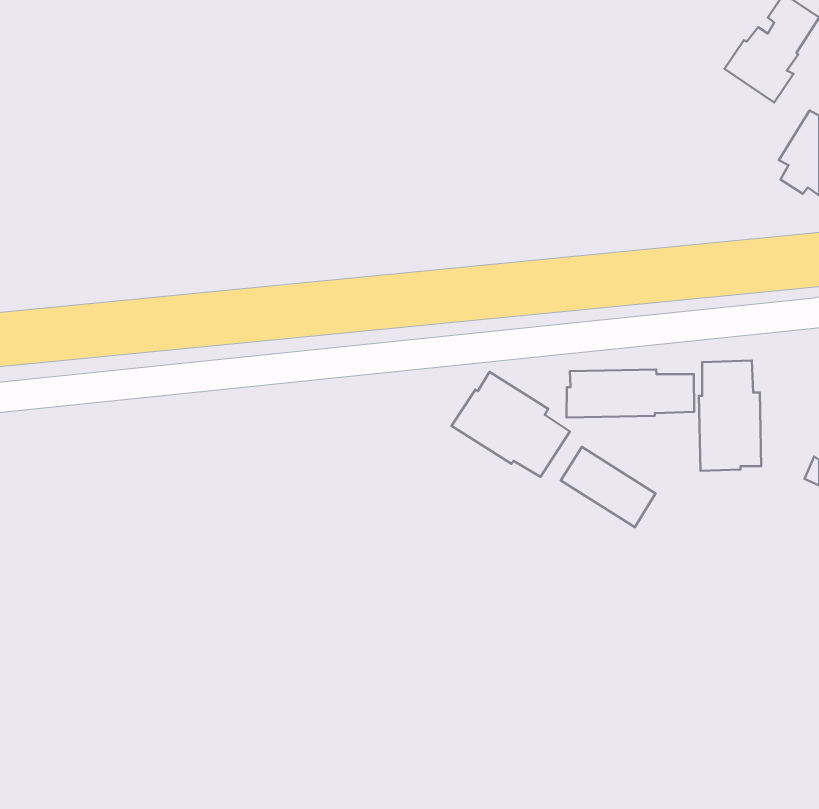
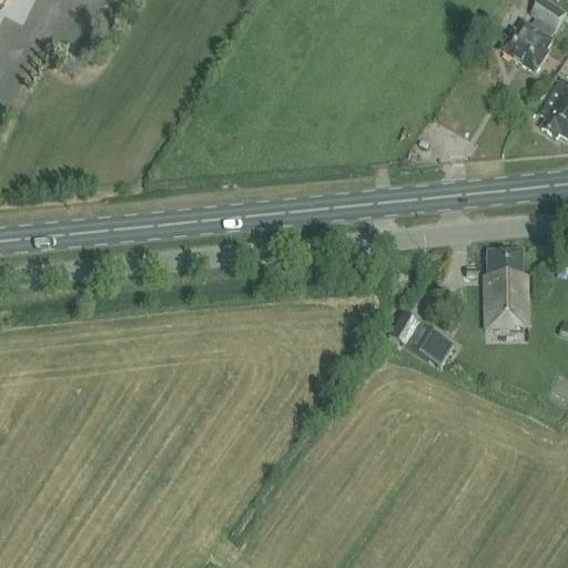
building: [567,369,694,418] -> none
building: [452,372,570,477] -> none

